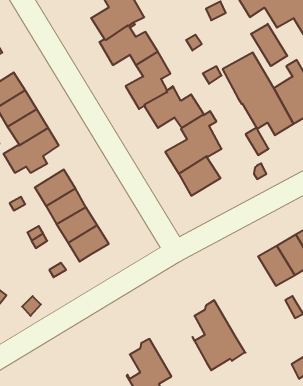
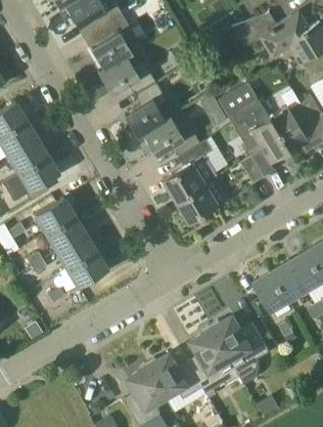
building: [251,24,287,66] -> none
building: none -> [211,315,269,375]
building: none -> [147,352,203,399]

